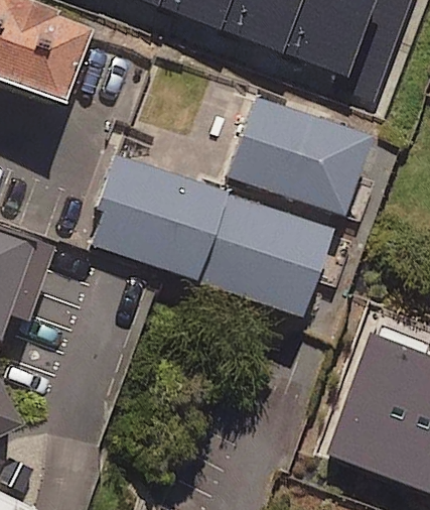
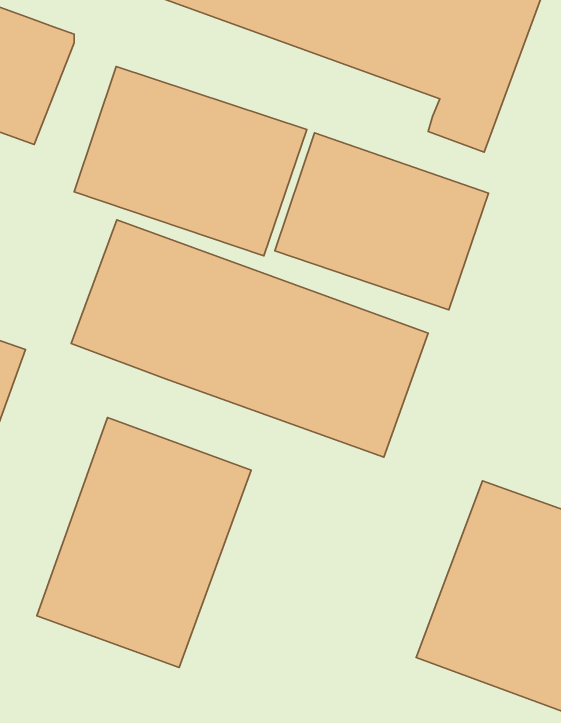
building: none -> [74,67,307,256]
building: none -> [37,418,251,668]

